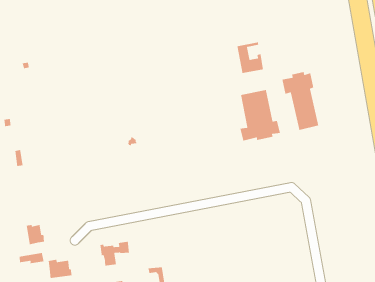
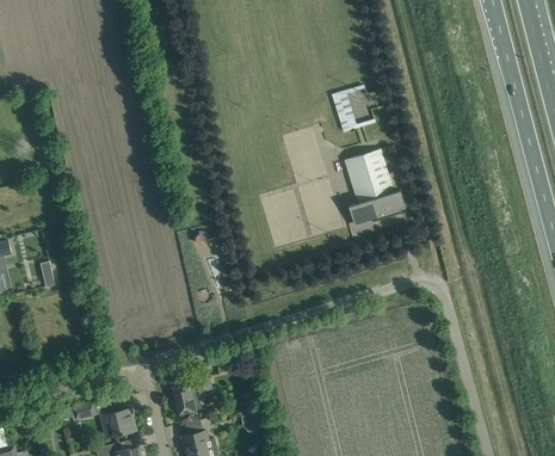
building: [282,71,319,131] -> none
building: [26,224,45,245] -> none

